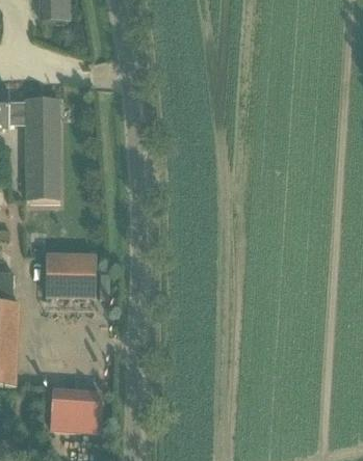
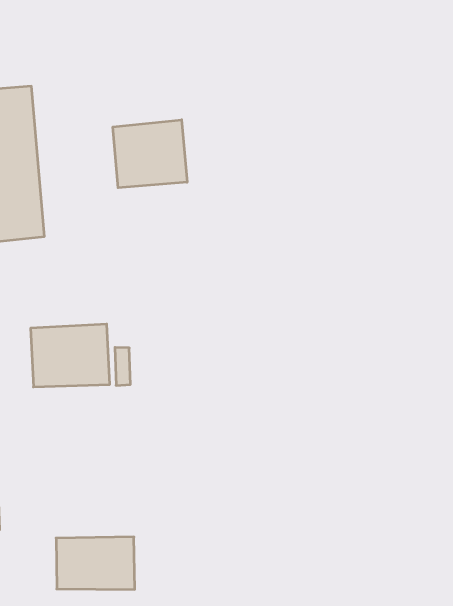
building: none -> [113,120,187,188]

